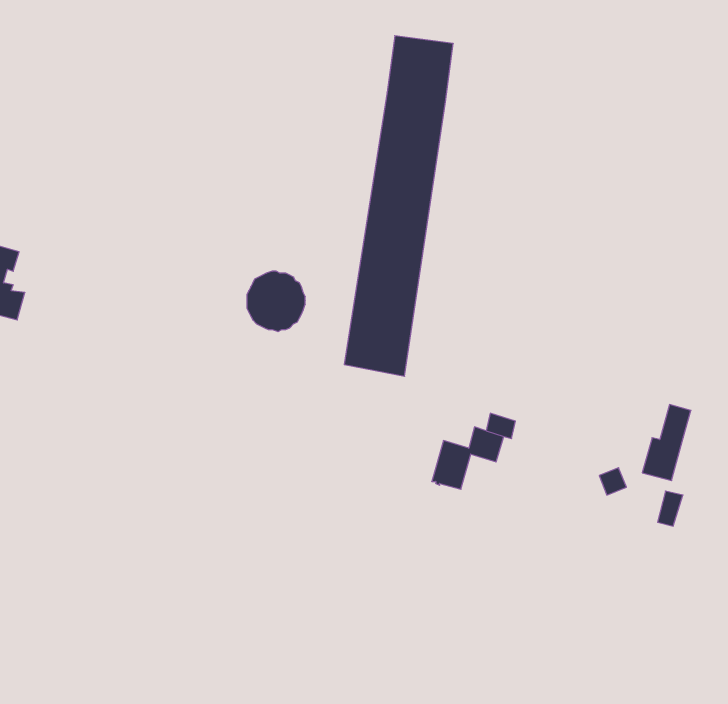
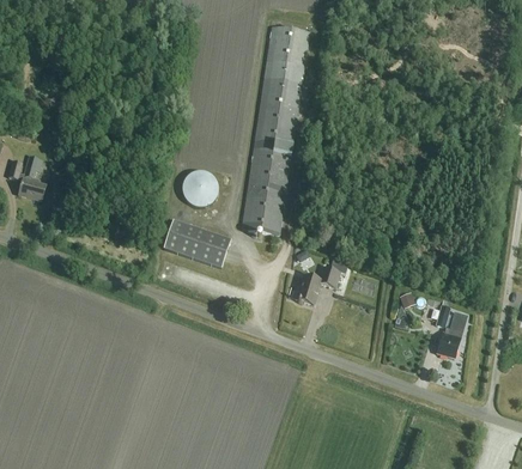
building: none -> [163,220,231,268]
building: [642,405,691,481] -> [437,312,467,359]

